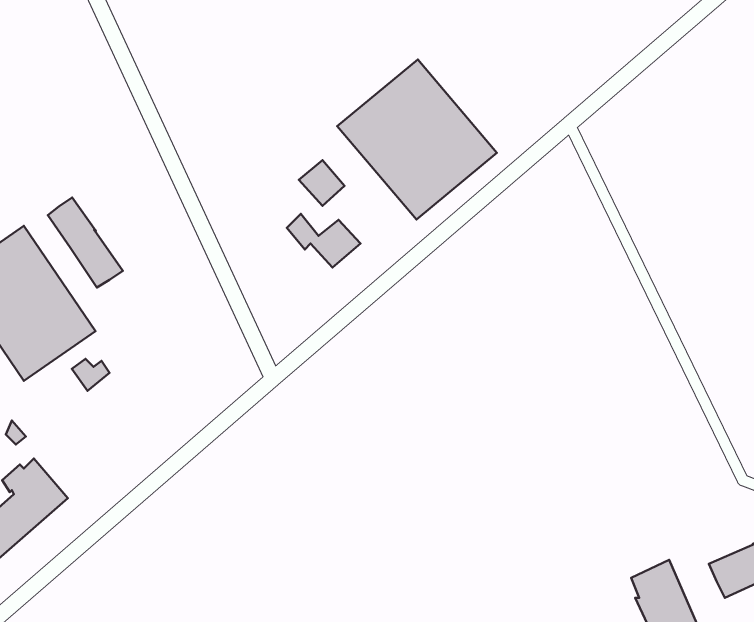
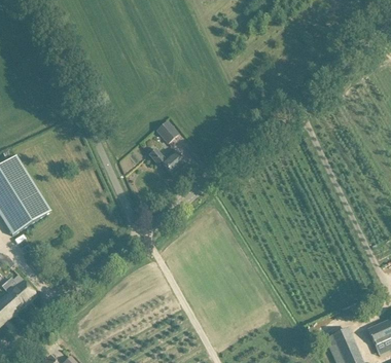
building: [337,59,497,220] -> none
building: [48,197,123,287] -> none

